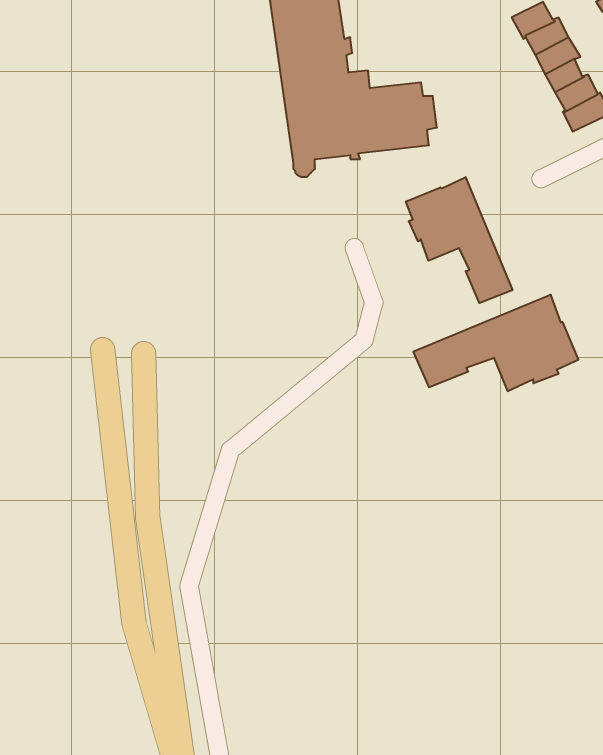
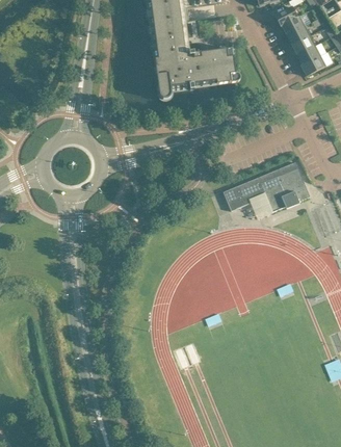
building: [406,177,512,303] -> none

